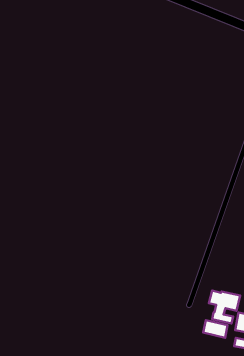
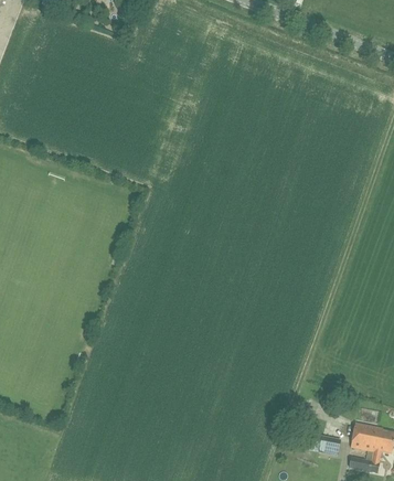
building: [209,290,240,324] -> none

